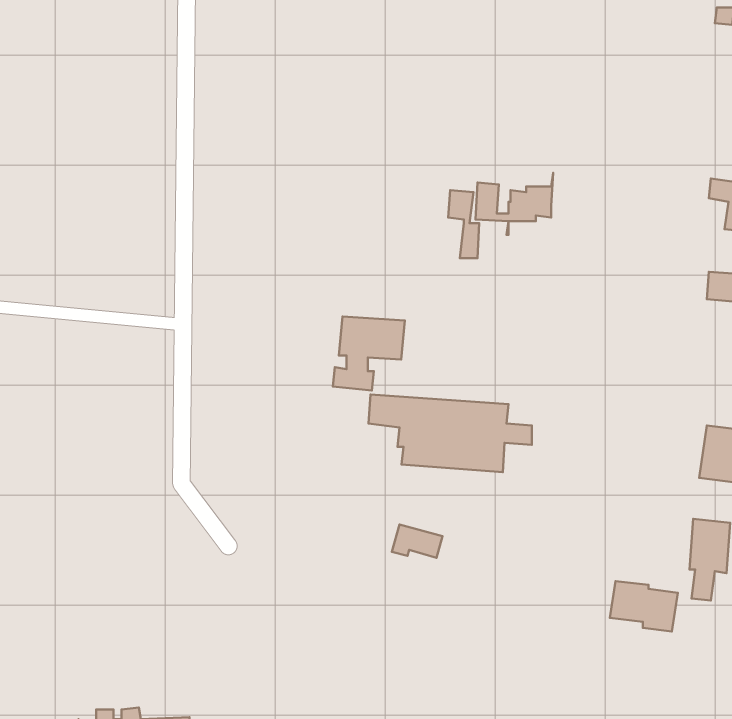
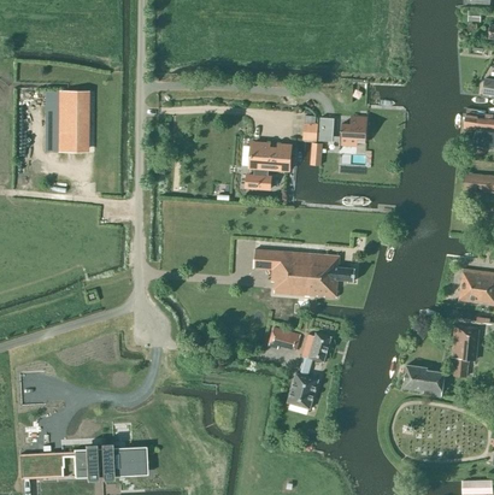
building: none -> [57,92,87,153]
building: [333,317,405,391] -> [246,142,290,188]
building: none -> [288,331,330,407]

